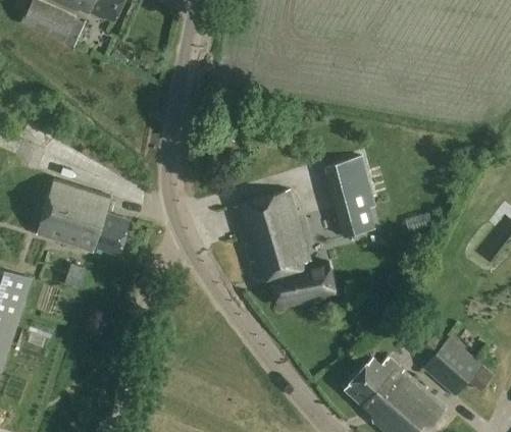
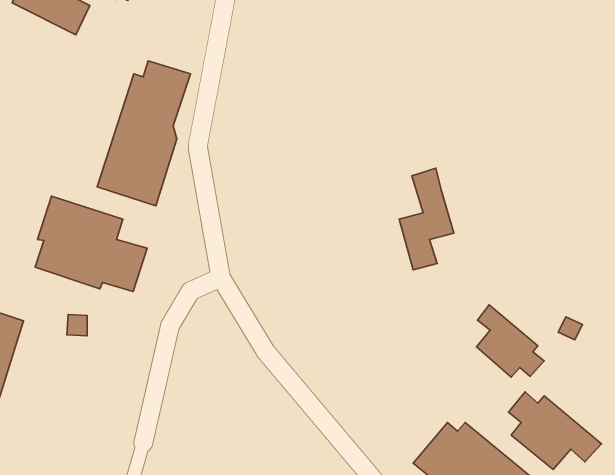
building: none -> [97,61,190,206]
building: [234,191,336,309] -> none
building: none -> [476,305,544,377]

